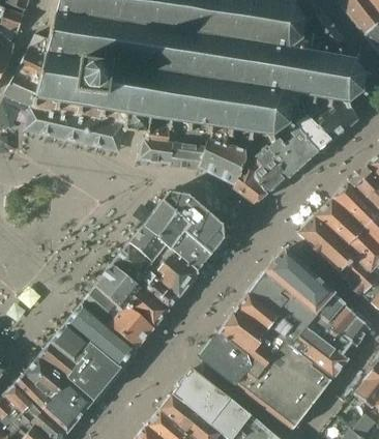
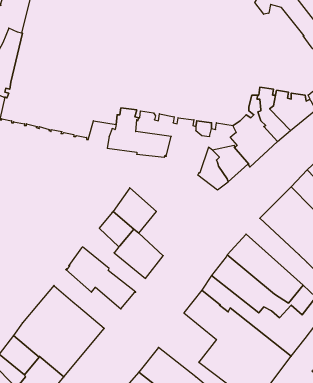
building: [200,141,244,186] -> none
building: [162,193,223,273] -> none
building: [112,244,178,312] -> none
building: [82,288,152,350] -> none
building: [200,333,253,385] -> none

